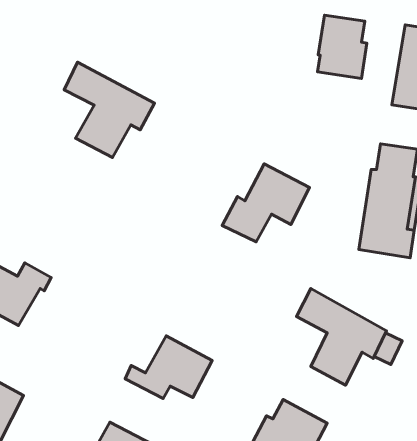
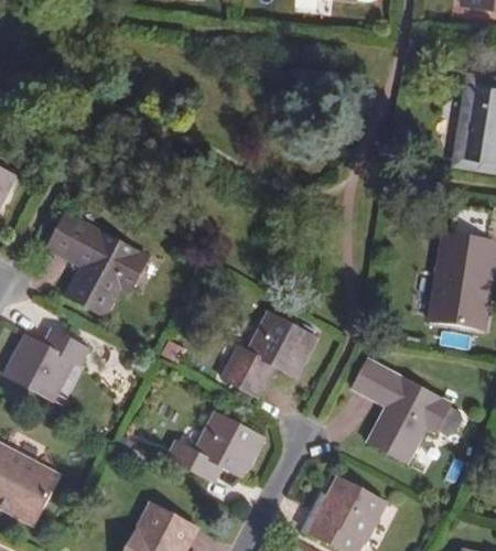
building: [318,15,367,79] -> none
building: [64,62,155,158] -> [51,213,148,315]
building: [222,164,309,242] -> [222,312,315,396]

